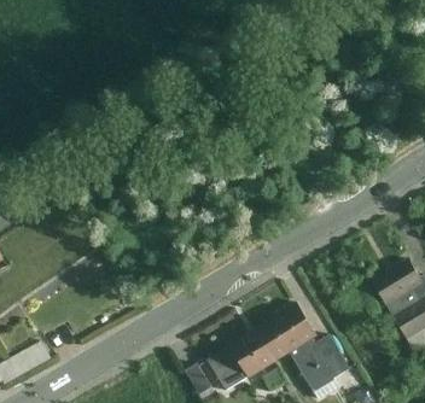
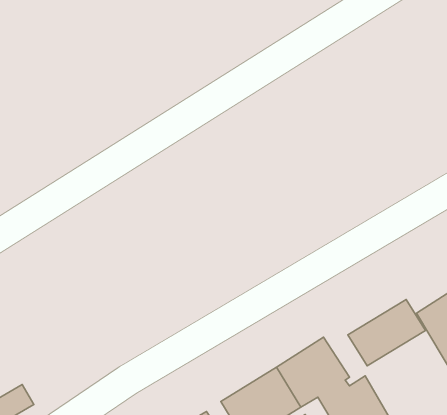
building: none -> [348,299,425,366]

